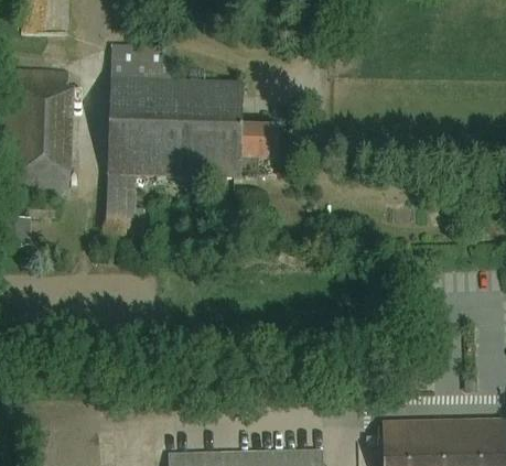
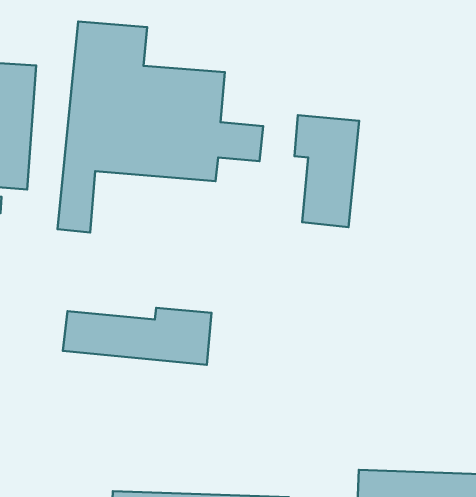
building: none -> [295,115,359,227]
building: none -> [63,308,211,365]

